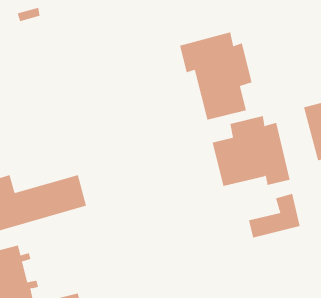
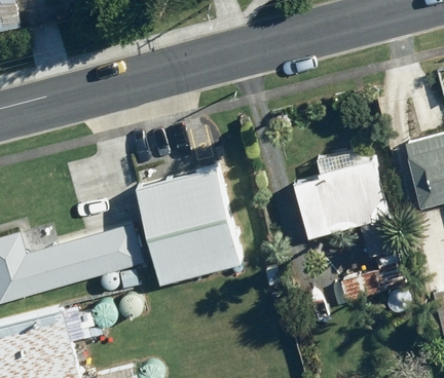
building: [179,31,252,121] -> none
building: none -> [137,169,242,282]

